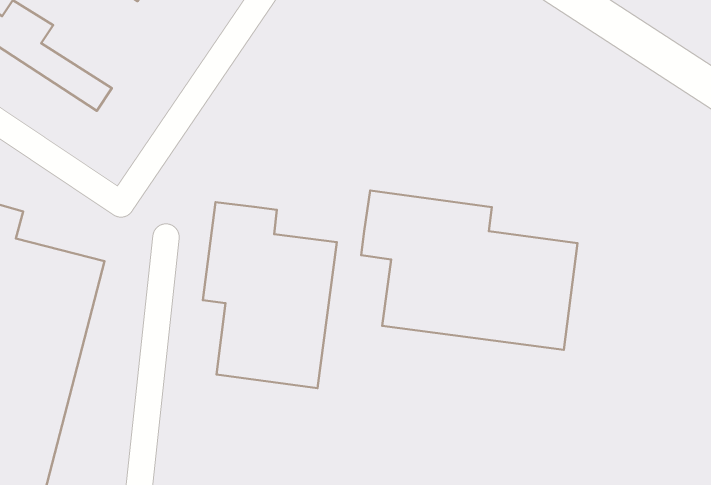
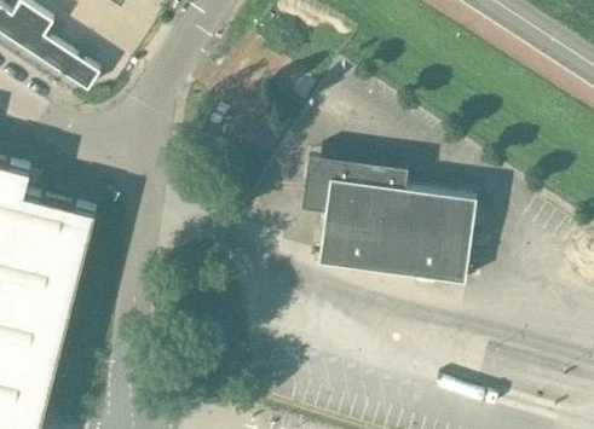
building: [203,202,337,388] -> none

